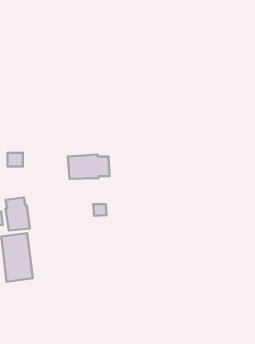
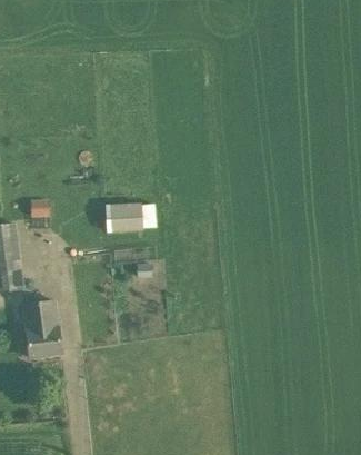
building: [5,197,30,231] -> none

